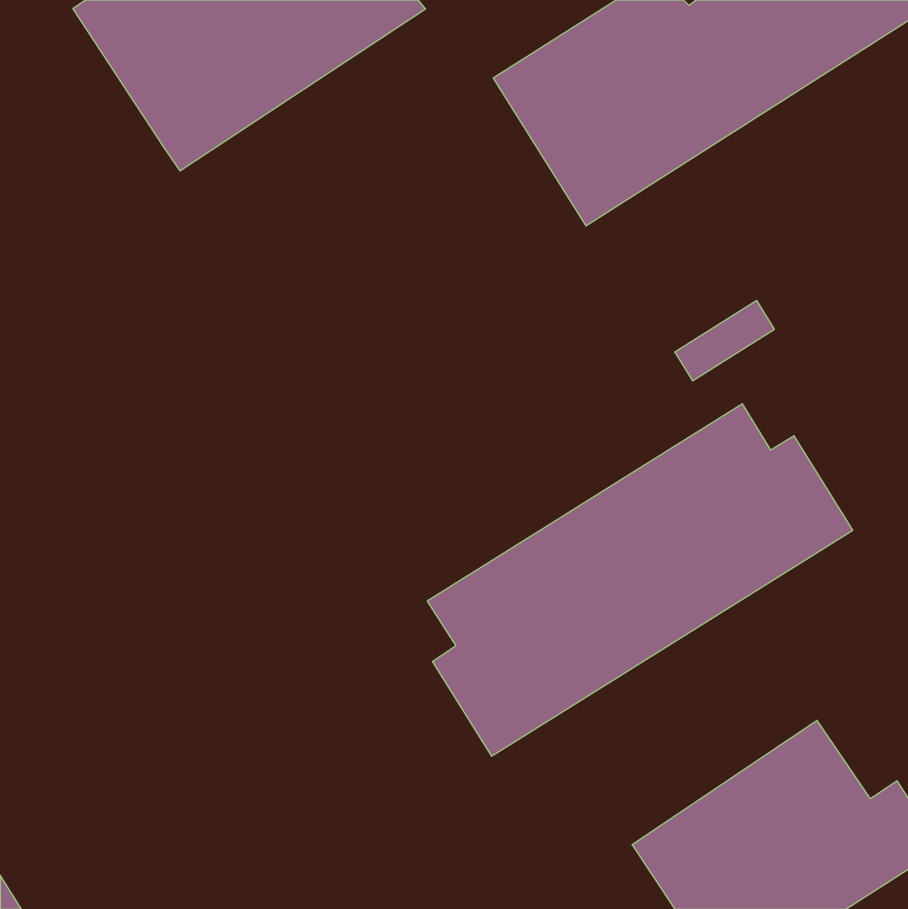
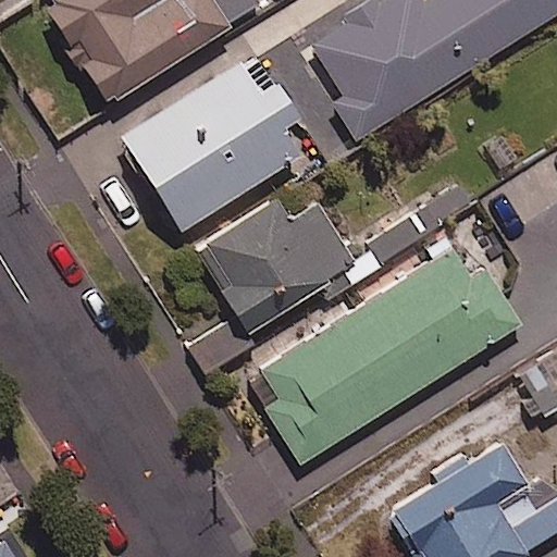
building: none -> [121,50,300,232]
building: none -> [185,199,357,374]

